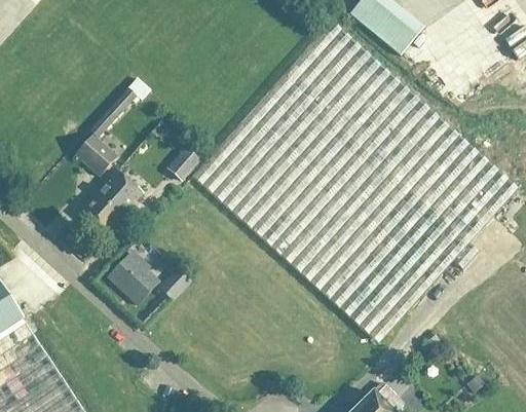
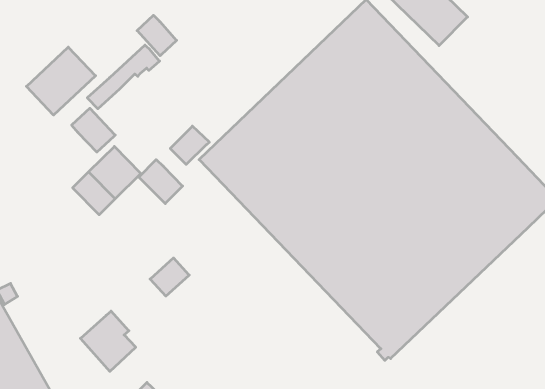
building: none -> [137,15,177,56]
building: none -> [26,47,96,115]
building: none -> [139,160,183,204]
building: [108,249,158,303] -> [80,311,136,371]

